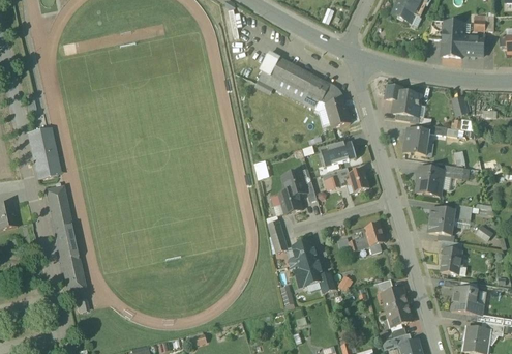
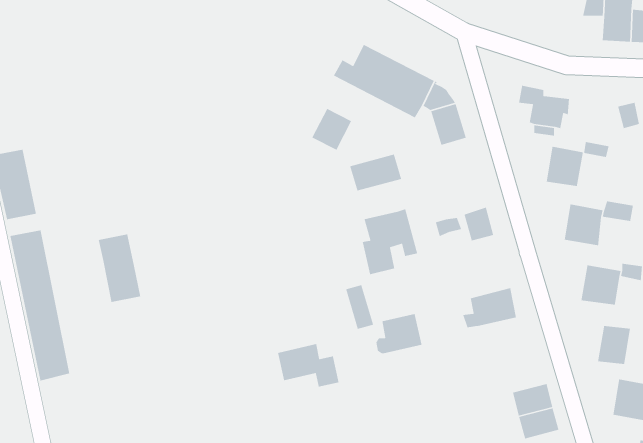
building: none -> [311,108,352,151]
building: [318,138,354,164] -> [349,154,402,192]
building: none -> [98,233,141,303]
building: [294,261,336,291] -> [277,343,340,387]

